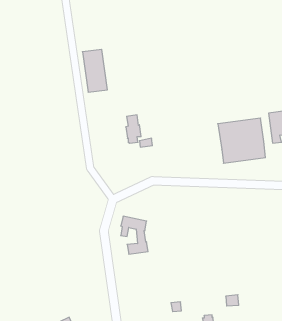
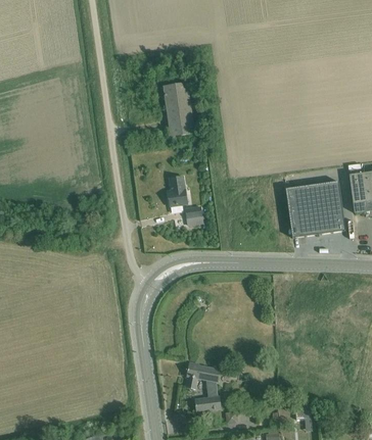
building: [82,49,107,92] -> [164,83,195,137]
building: [121,216,148,254] -> [187,363,222,411]

